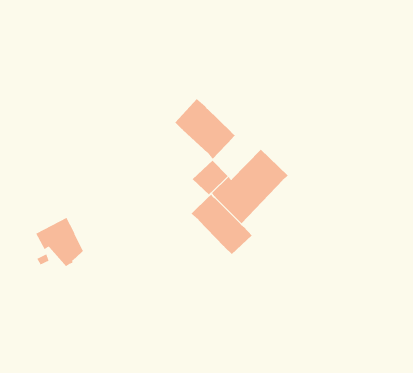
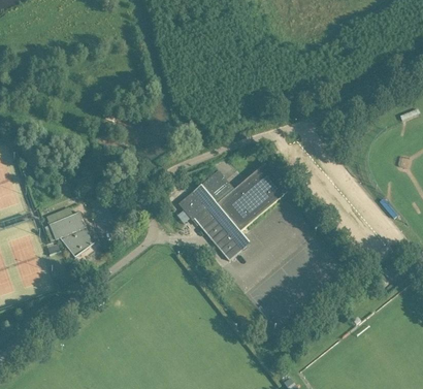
building: [175,98,236,160] -> none
building: none -> [177,187,212,220]

